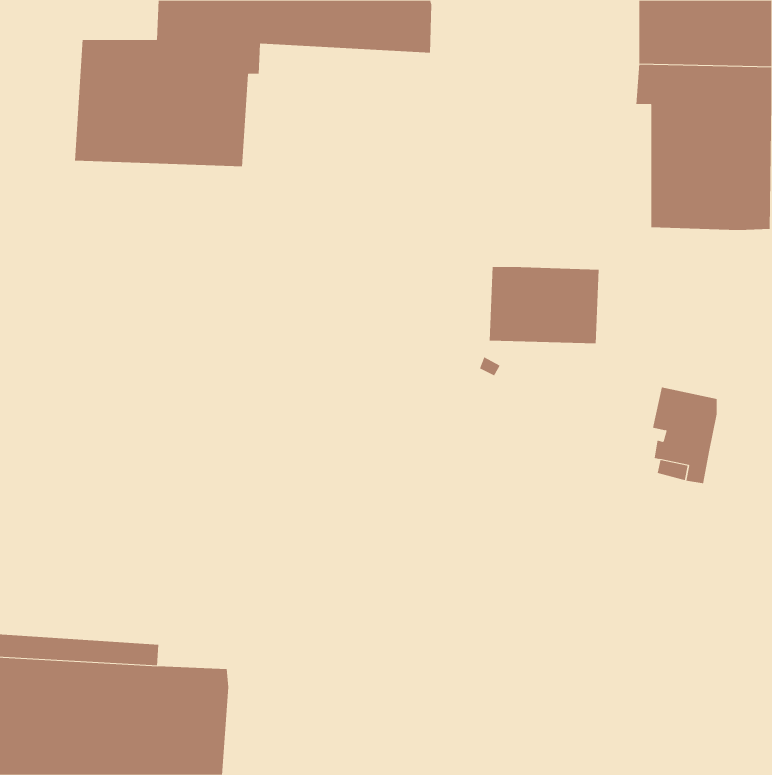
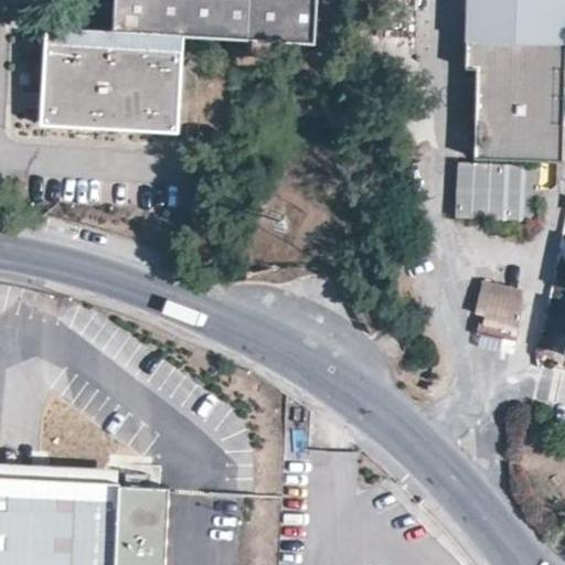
building: [489,266,599,344] -> [457,166,537,222]

